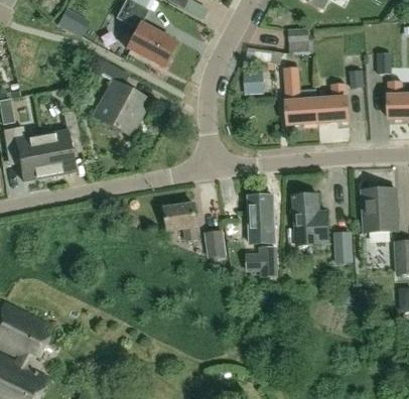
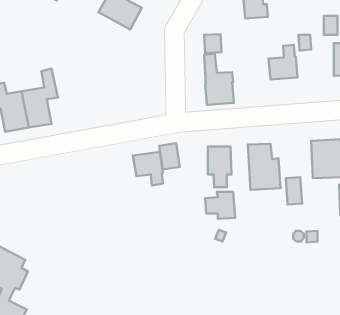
building: [92,61,149,137] -> none
building: [284,68,317,124] -> [204,54,234,105]
building: [204,228,228,257] -> [159,143,180,170]

